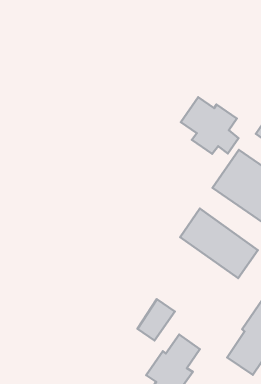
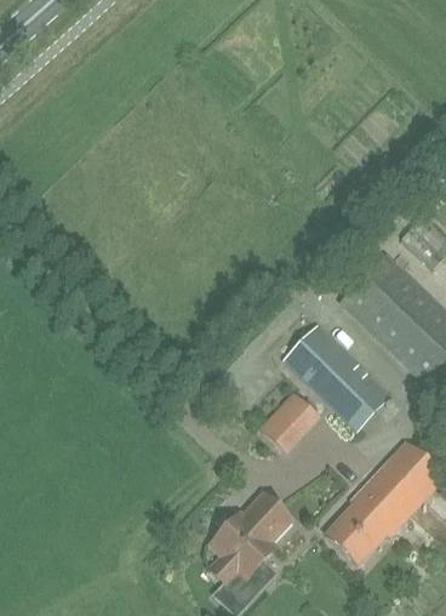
building: [181,97,239,154] -> none
building: [138,299,175,341] -> [261,392,315,447]

